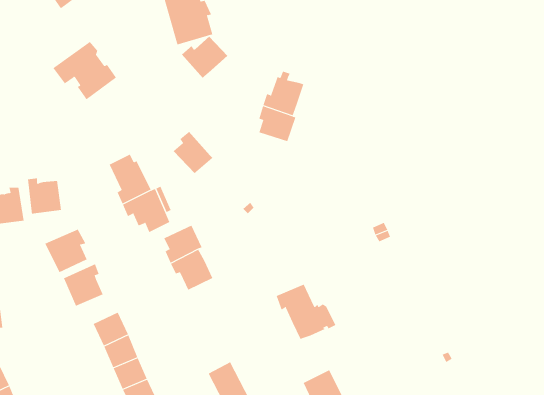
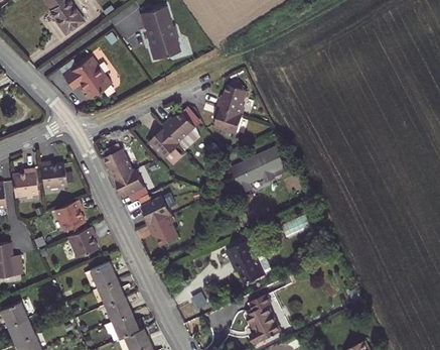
building: [181,36,228,79] -> [162,112,197,144]
building: none -> [231,148,285,195]

